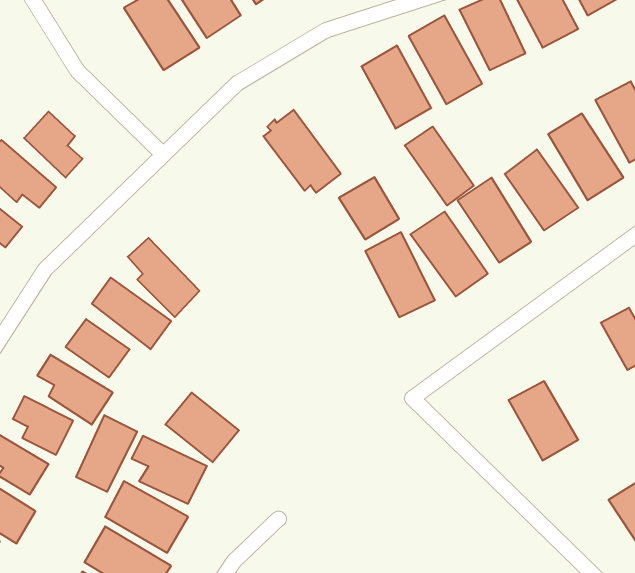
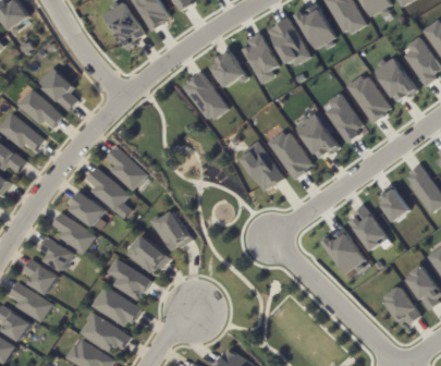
building: [405,127,474,205] -> none
building: [339,177,399,239] -> [210,51,245,87]
building: none -> [348,205,385,251]
building: none -> [150,208,191,252]
building: [76,415,137,492] -> none

